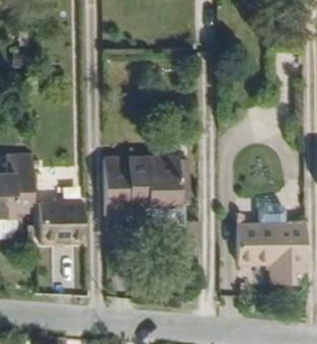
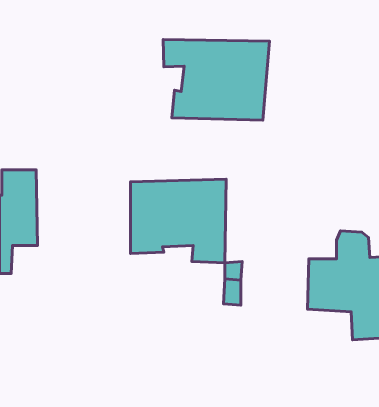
building: none -> [163,39,270,120]
building: [43,197,84,237] -> none

